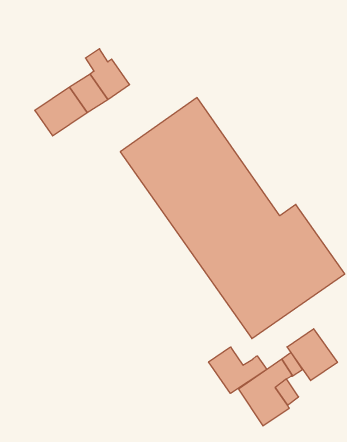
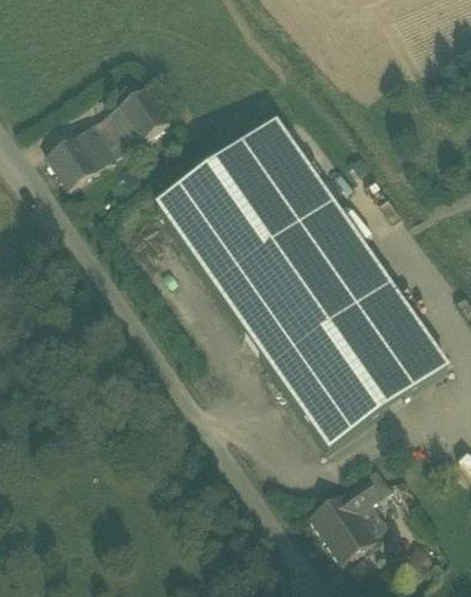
building: none -> [259,119,386,286]
building: [287,329,337,381] -> none
building: [209,347,267,393] -> none

